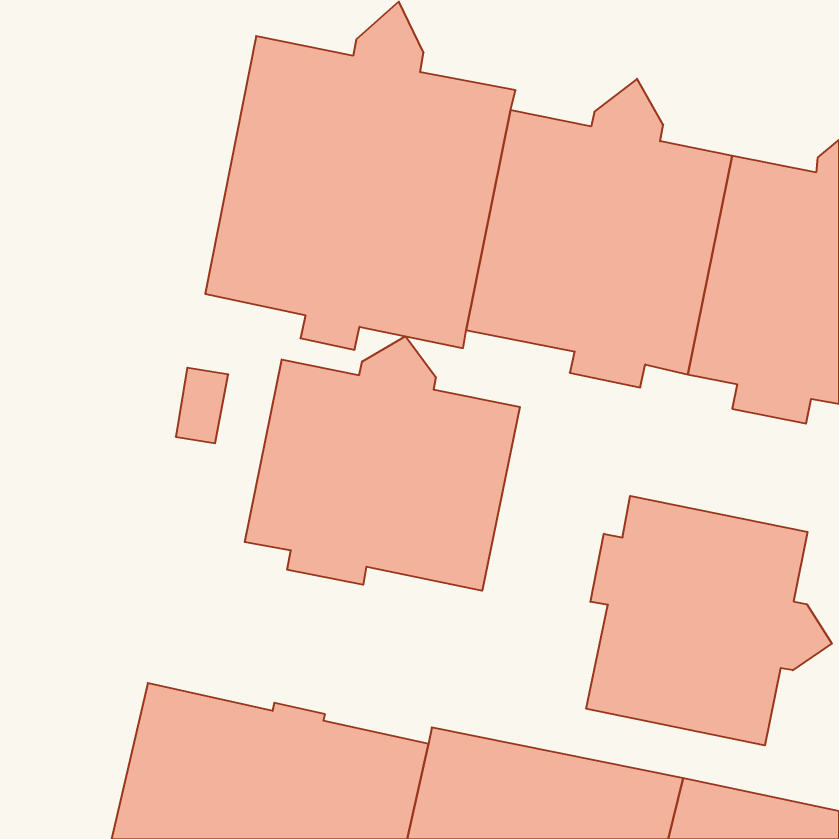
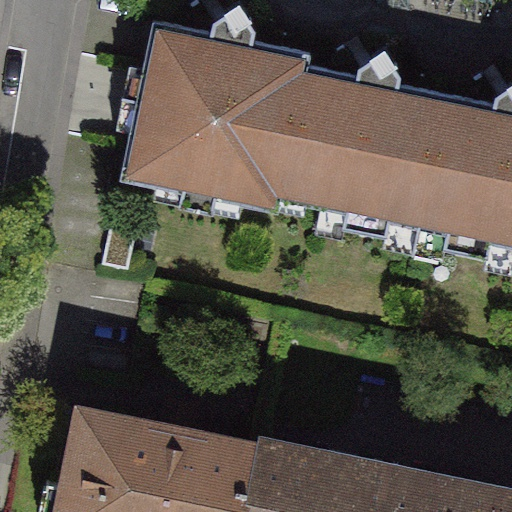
building: [245,336,520,591] -> none
building: [586,496,832,745] -> none

